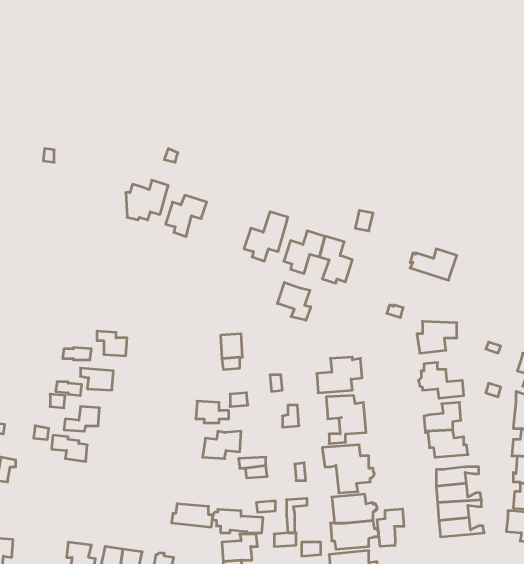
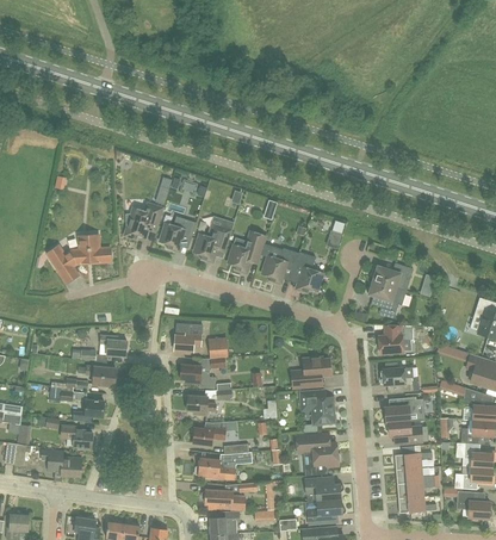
building: none -> [193,221,232,262]
building: none -> [46,234,111,283]
building: none -> [366,279,405,311]
building: [277,282,311,320] -> none
building: none -> [173,322,202,352]
building: none -> [179,364,215,389]
building: none -> [41,448,83,476]
building: [172,504,213,527] -> [194,458,230,478]
building: [377,509,404,546] -> none

